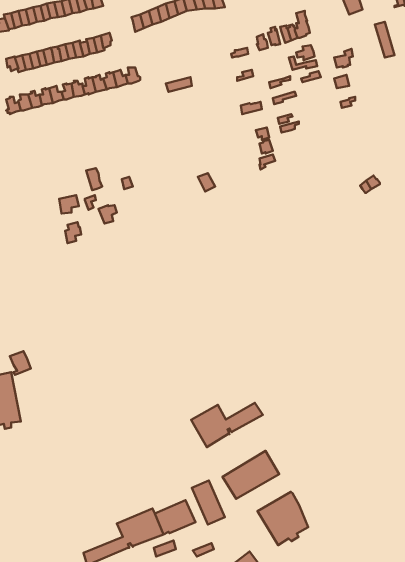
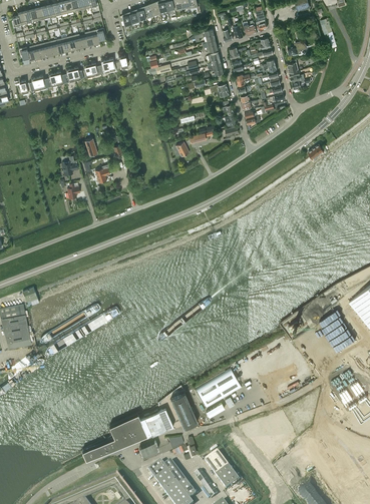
building: [191,403,263,447] -> none
building: [258,492,308,545] -> none

